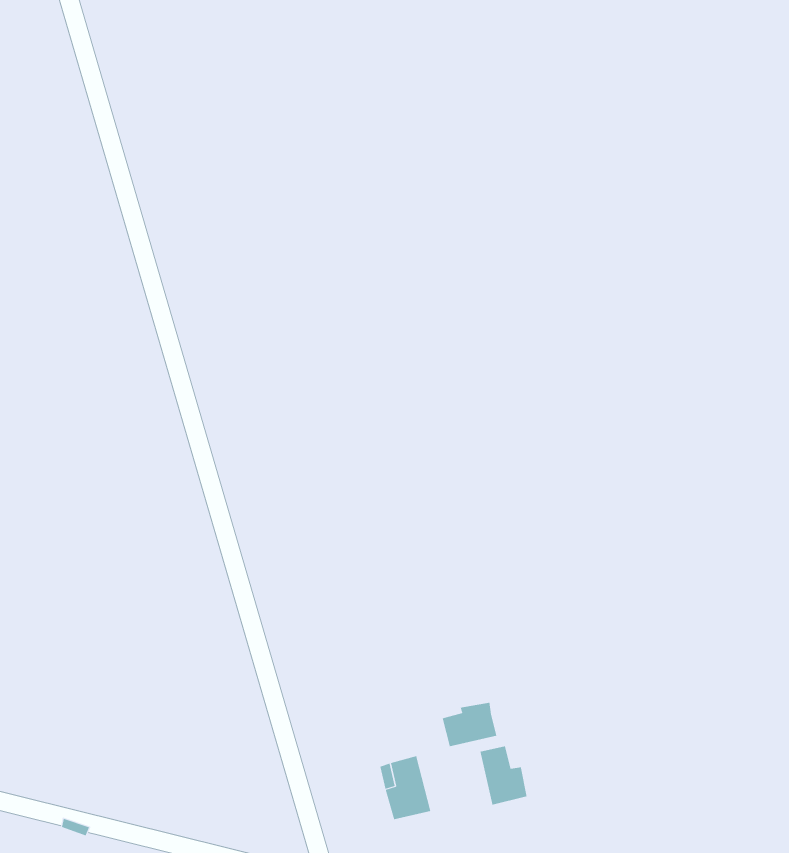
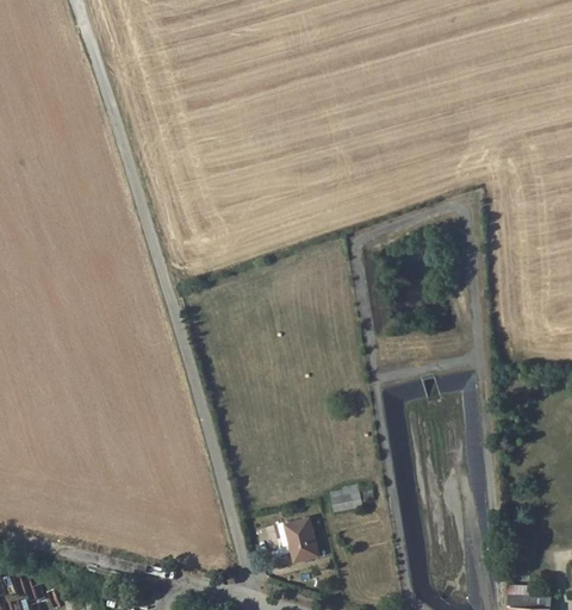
building: [480,746,527,805] -> none

